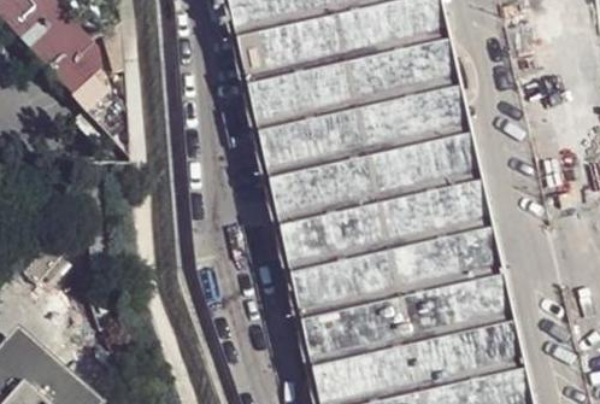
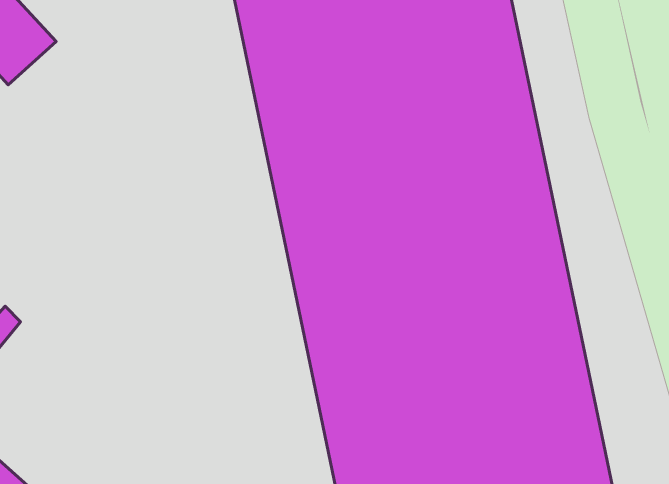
building: [52,41,112,129] -> none

